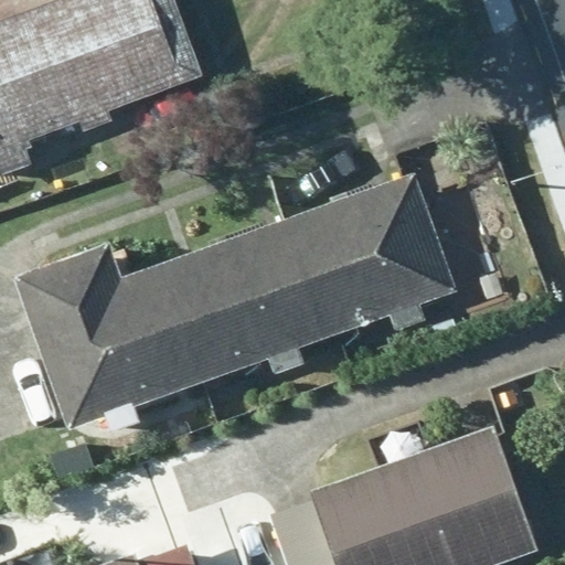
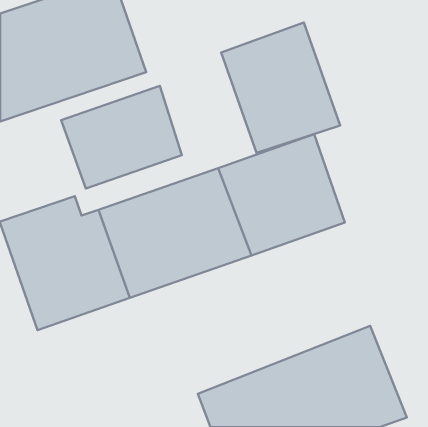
building: none -> [221,22,340,153]
building: none -> [61,86,182,189]

